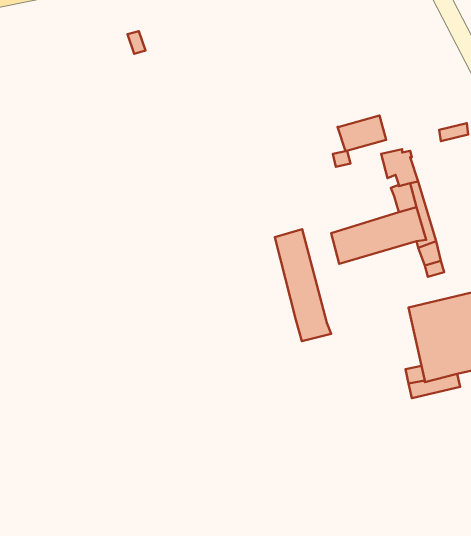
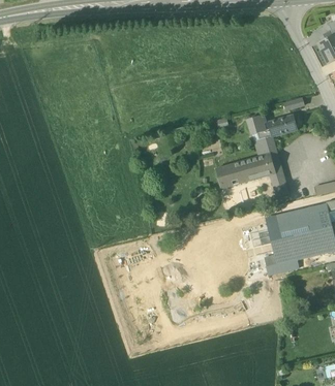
building: [338,115,386,151] -> [267,114,298,136]
building: [275,229,331,341] -> none

